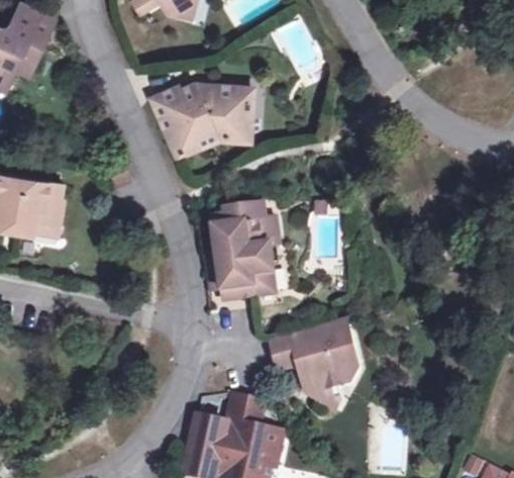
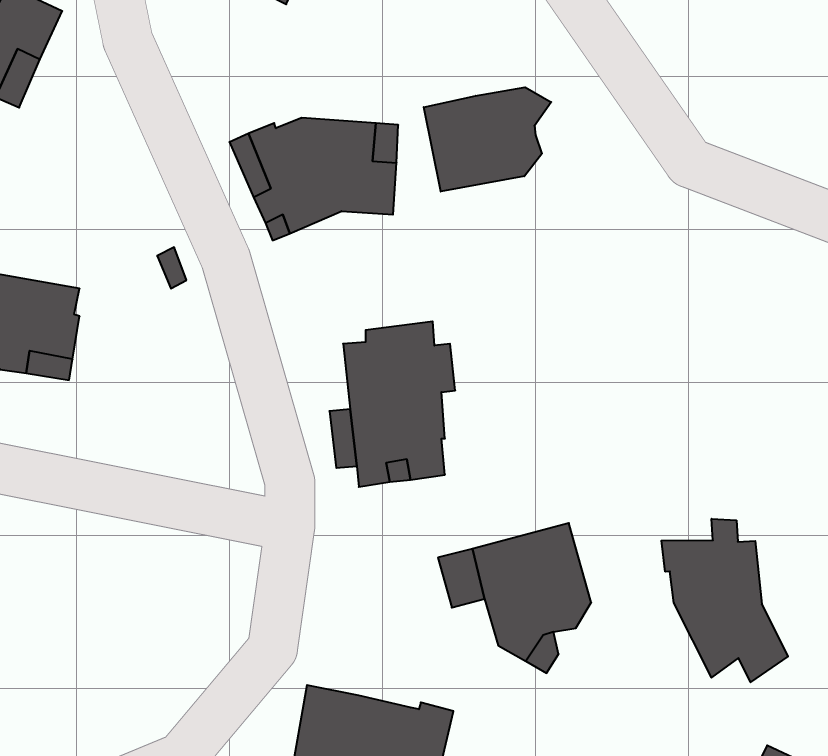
building: none -> [424,87,551,192]
building: none -> [661,519,788,682]
building: [225,394,262,428] -> none

